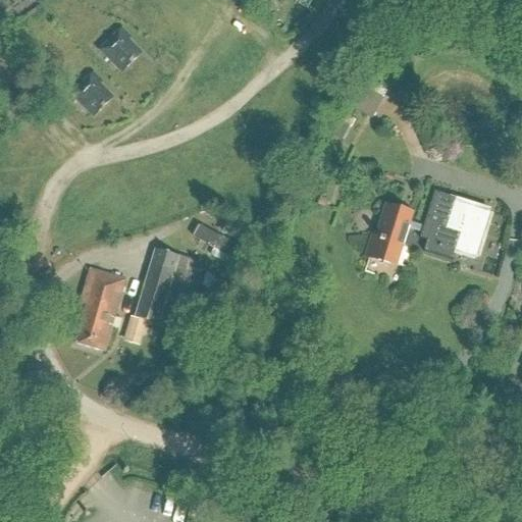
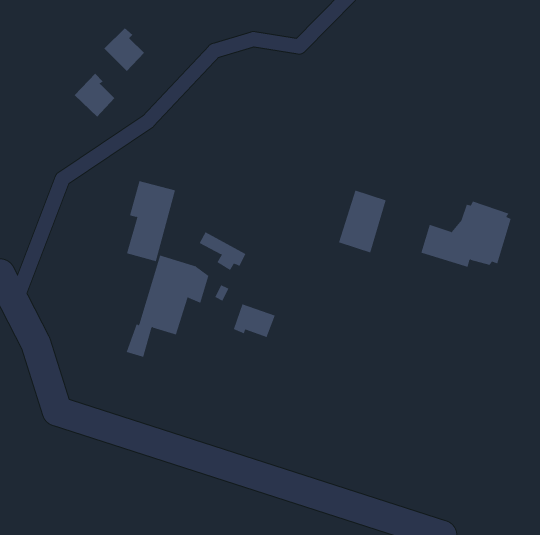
building: [366,202,413,263] -> [338,190,387,253]
building: [75,268,123,347] -> [126,180,176,262]
building: none -> [233,304,275,338]

